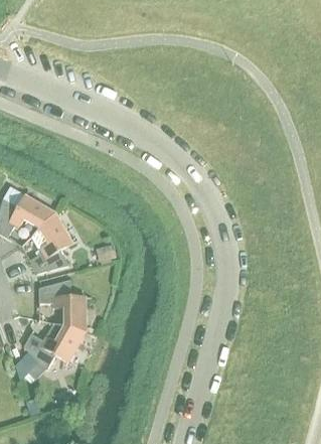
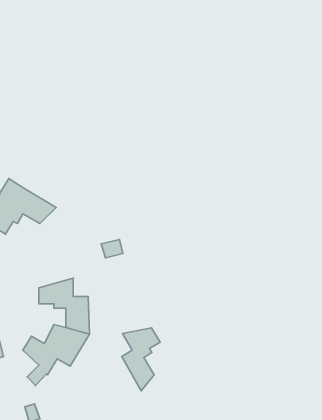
building: [28,212,71,273] -> none
building: none -> [122,328,160,391]

